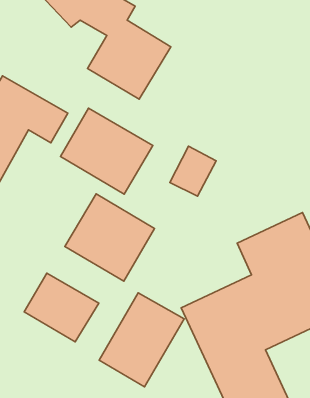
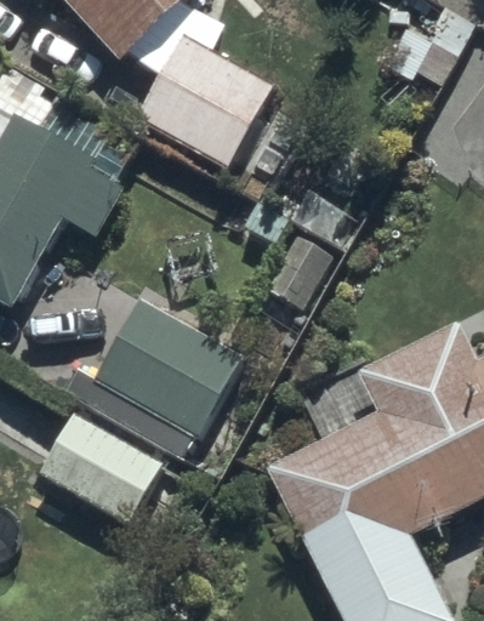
building: [61,108,153,194] -> none
building: [99,293,184,387] -> none

